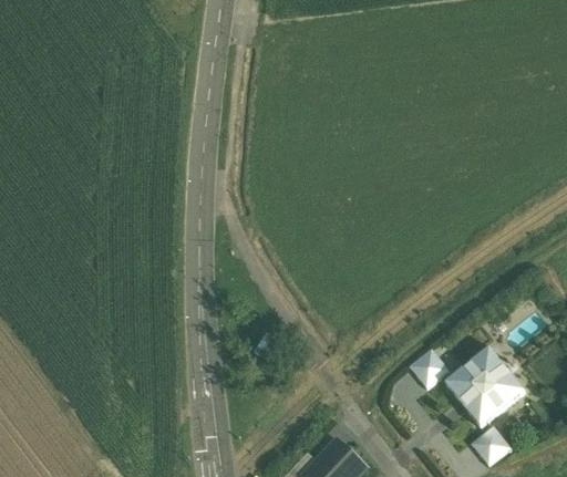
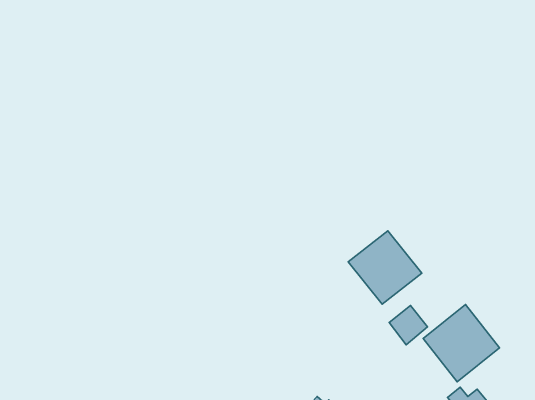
building: none -> [348,231,422,304]

